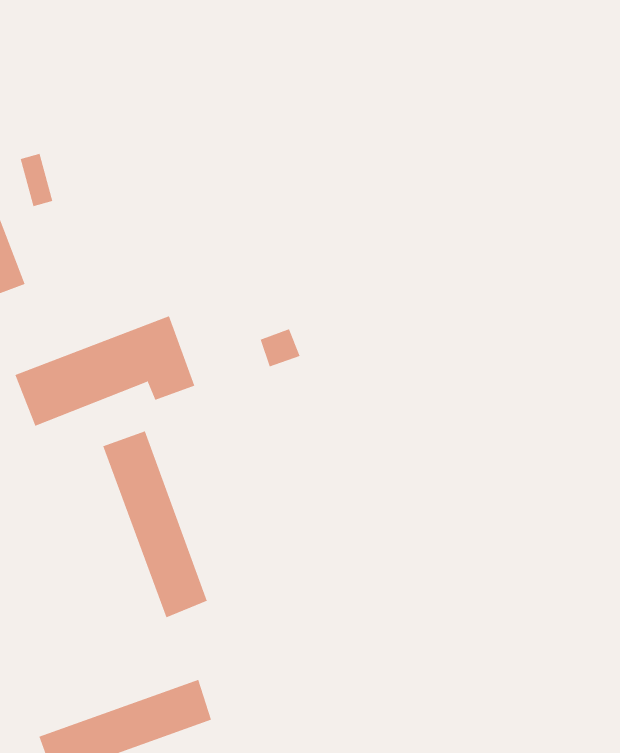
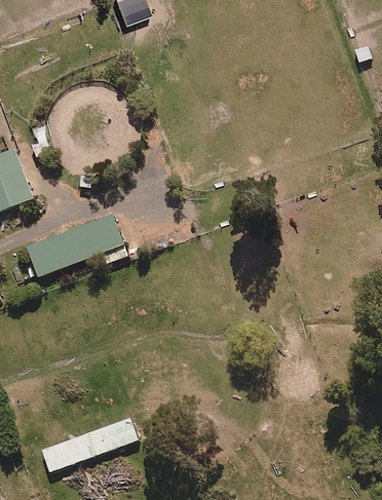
building: [103,430,207,618] -> none

